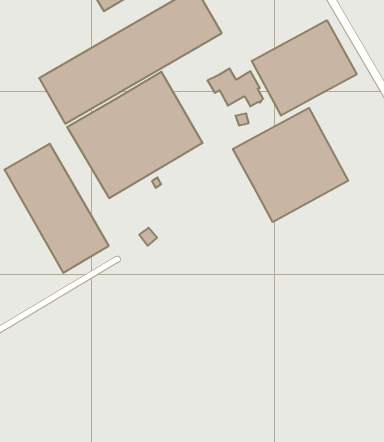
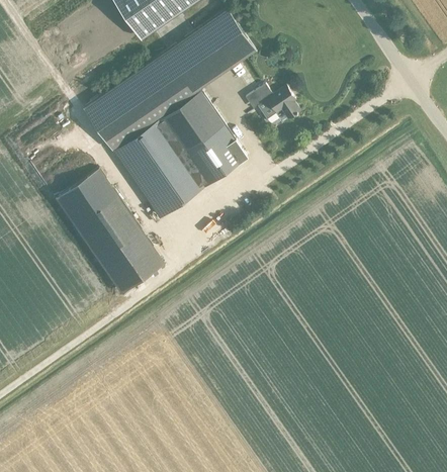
building: [252,20,357,116] -> none
building: [233,108,348,222] -> none

